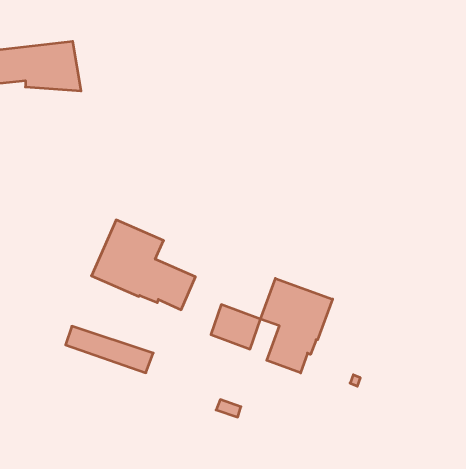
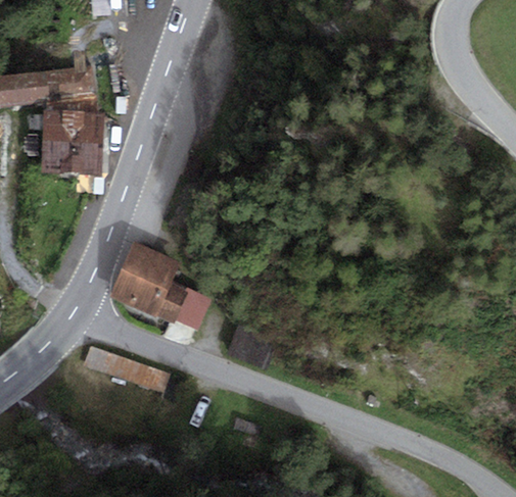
building: none -> [40,109,104,173]
building: [260,278,333,373] -> none

